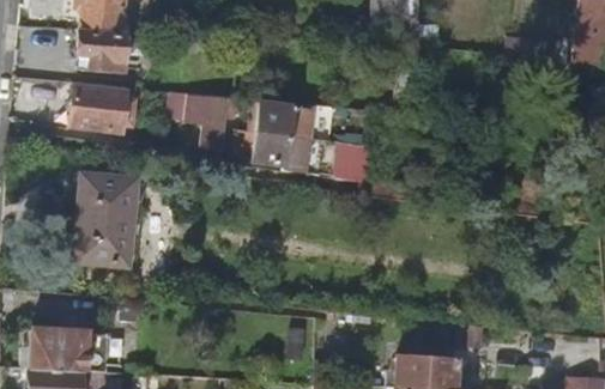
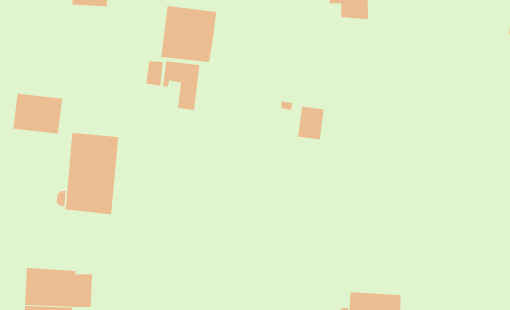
building: [79,31,126,71] -> none
building: [71,84,128,130] -> [13,93,63,134]
building: [250,102,315,166] -> [160,5,217,62]

